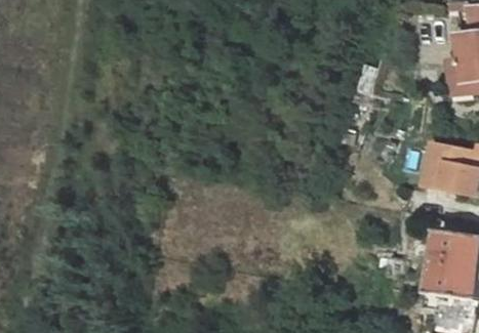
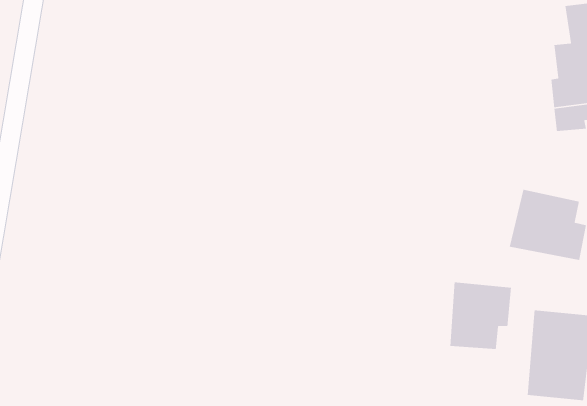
building: none -> [450,281,512,350]

